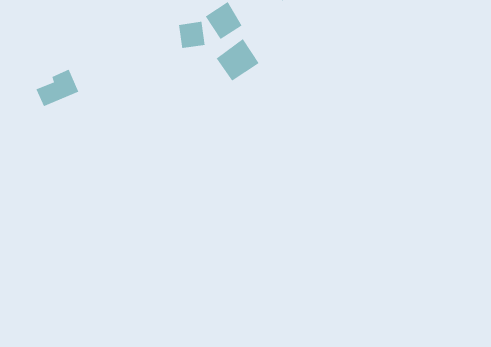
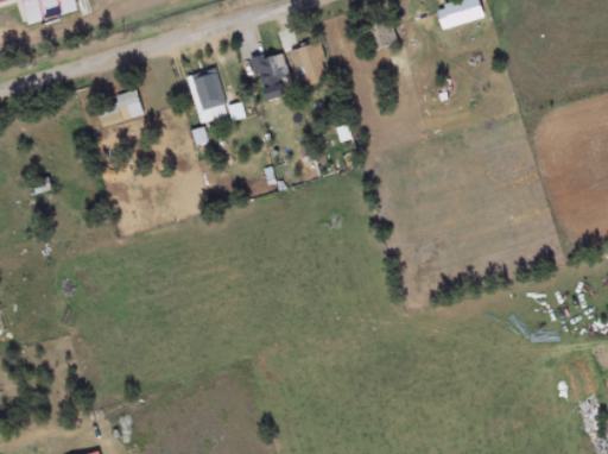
building: [216,38,260,82] -> none
building: none -> [194,70,223,111]

